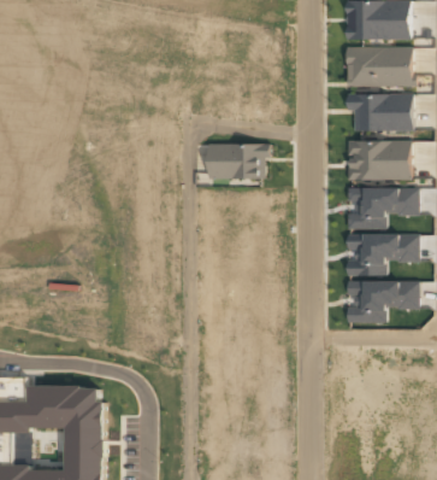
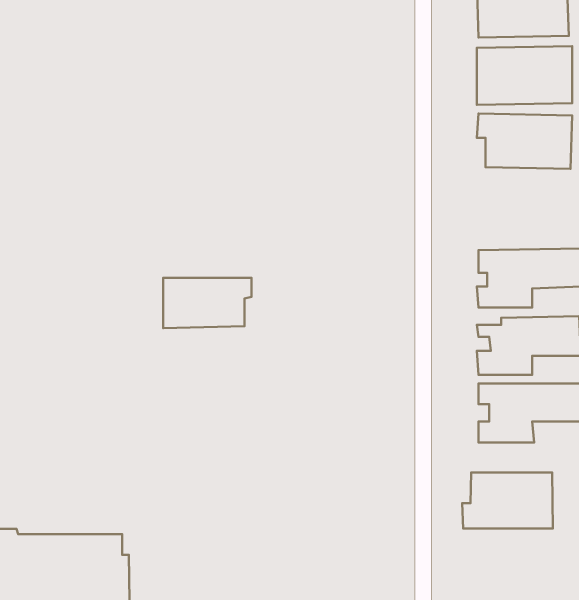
building: [346,140,411,180] -> none
building: [207,144,268,178] -> [163,278,252,328]
building: none -> [462,472,553,529]

